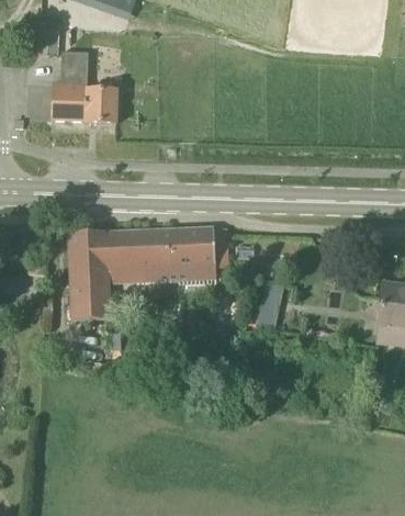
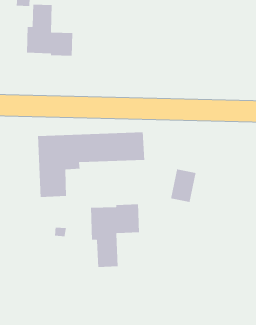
building: none -> [90,203,140,268]

